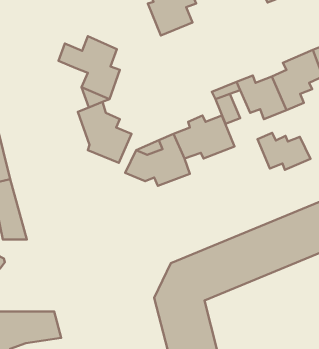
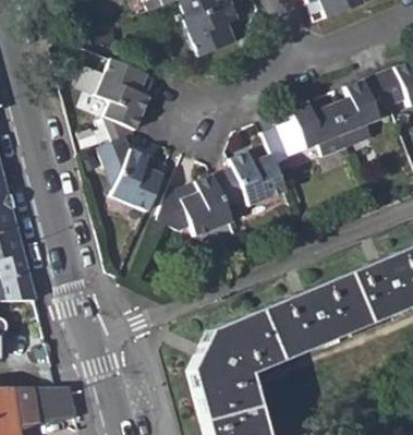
building: [258,133,311,170] -> none

